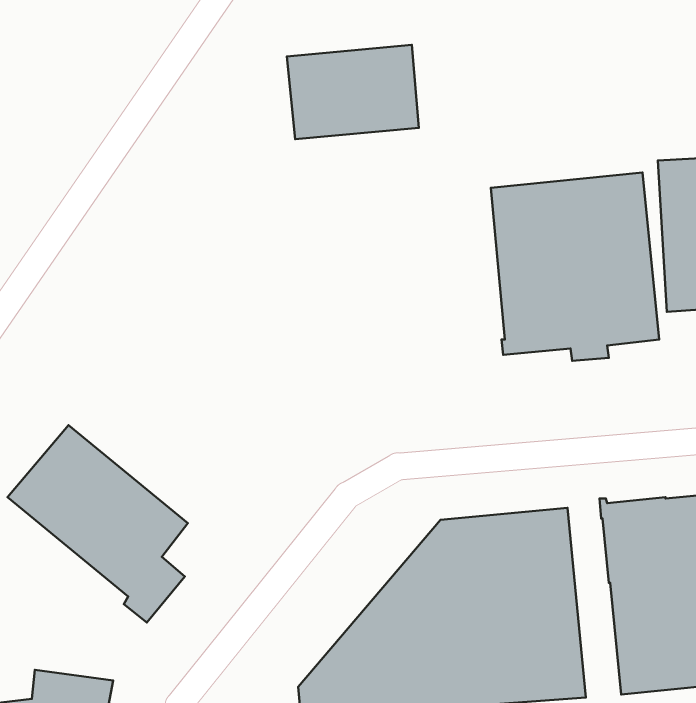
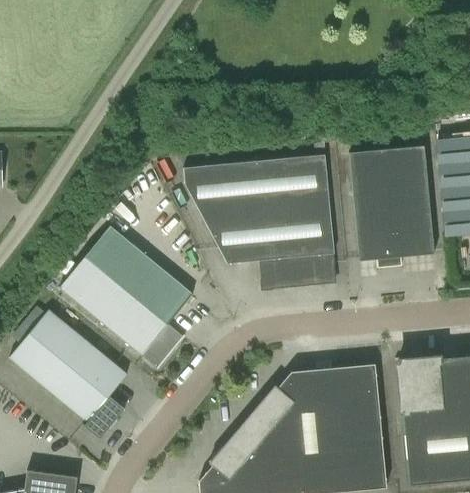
building: [287,45,419,139] -> none
building: none -> [184,155,335,288]
building: none -> [59,226,193,369]

